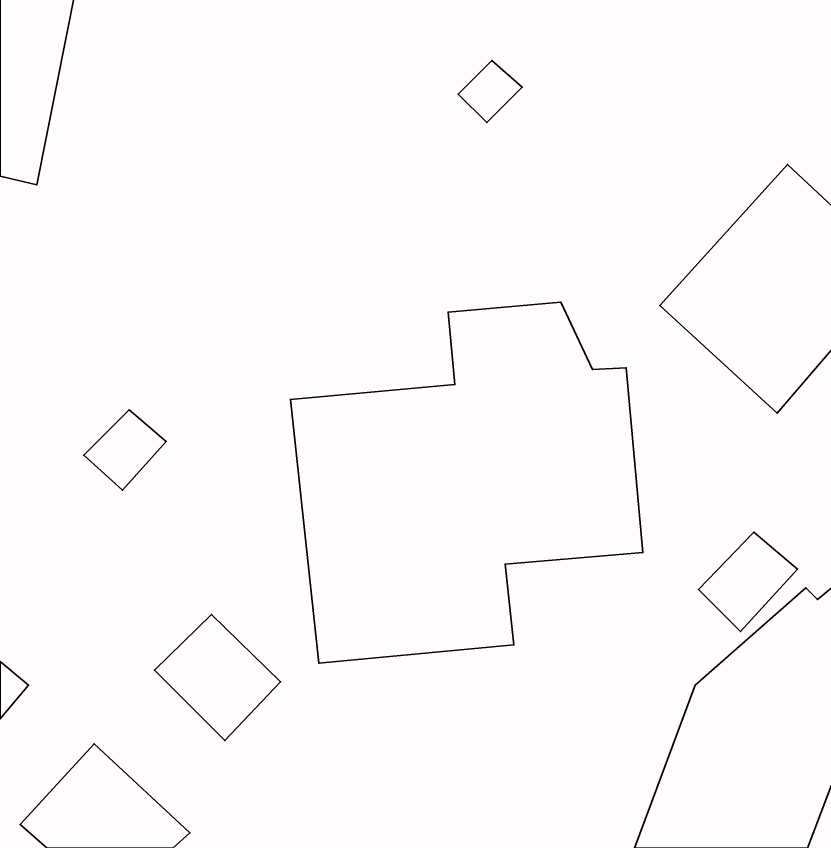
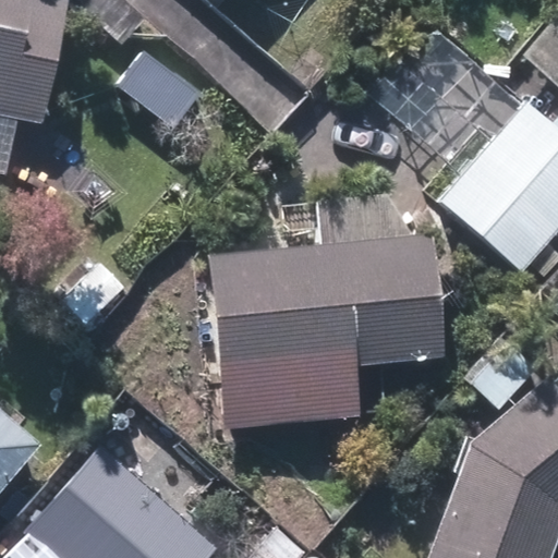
building: none -> [396,41,519,167]

